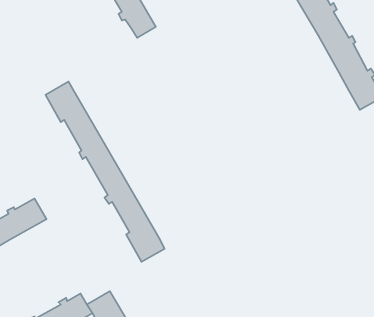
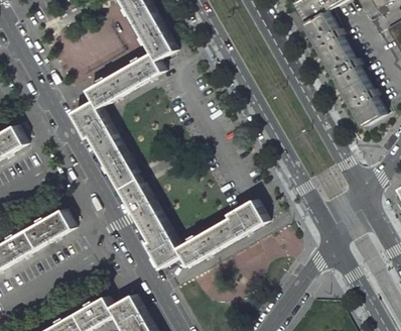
building: none -> [86,51,161,107]
building: none -> [176,199,264,265]

